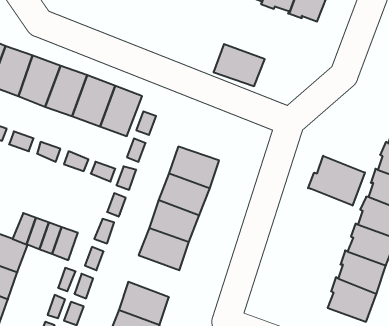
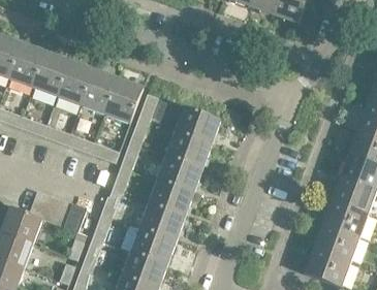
building: [213,44,265,86] -> [175,106,220,143]
building: [308,156,365,206] -> none
building: none -> [130,227,176,264]

